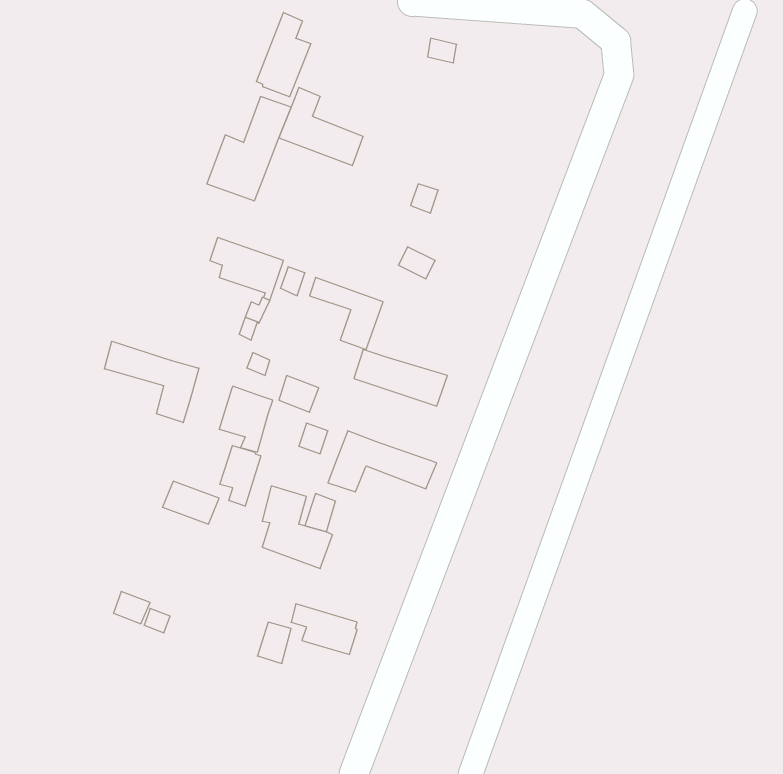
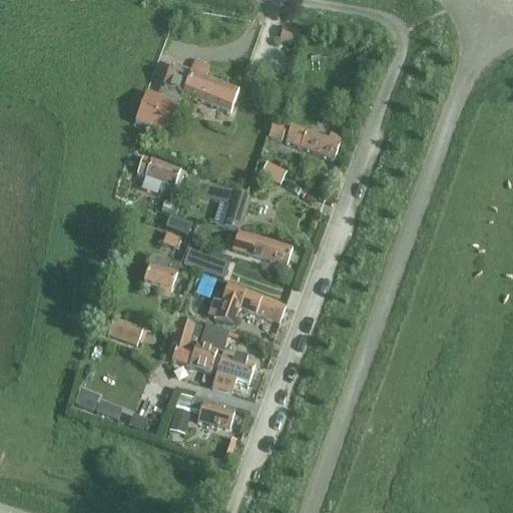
building: [256,12,311,97] -> none
building: none -> [286,122,341,156]
building: [104,341,199,423] -> none
building: [220,445,261,506] -> none
building: none -> [212,354,254,391]

